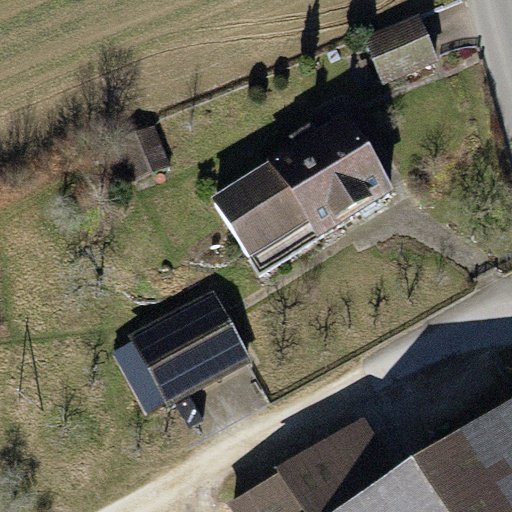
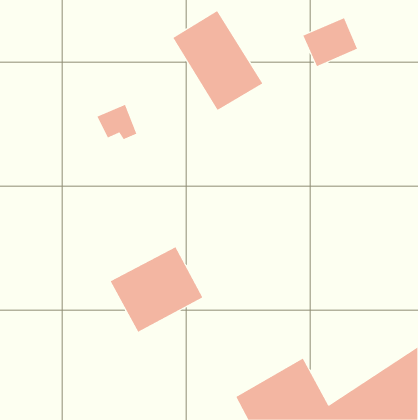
building: none -> [172,10,263,111]
building: [213,121,387,271] -> none

